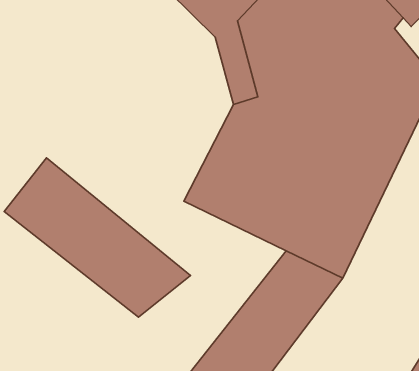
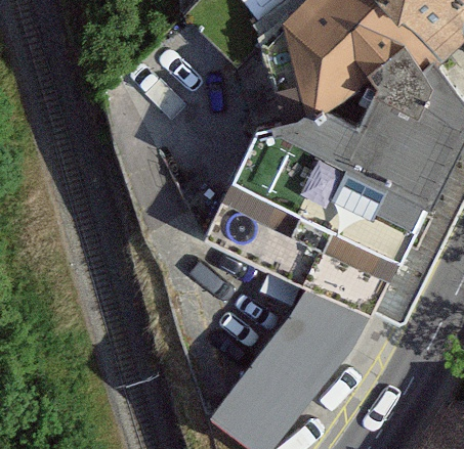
building: [4,158,190,317] -> none

